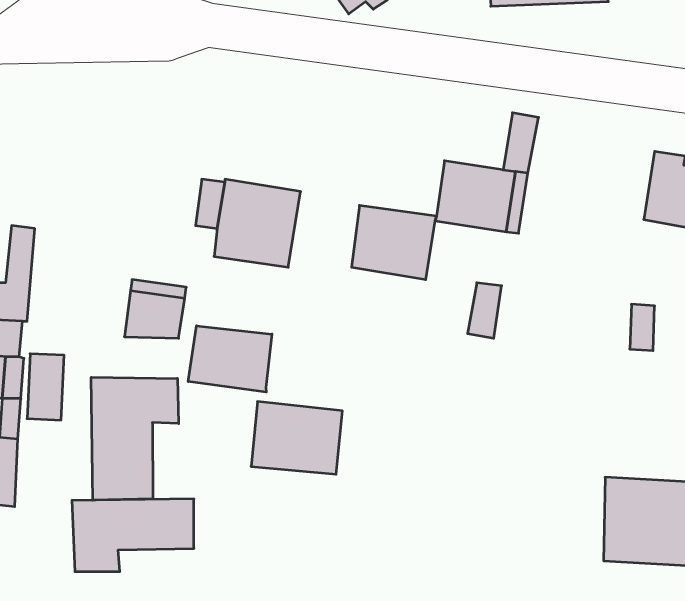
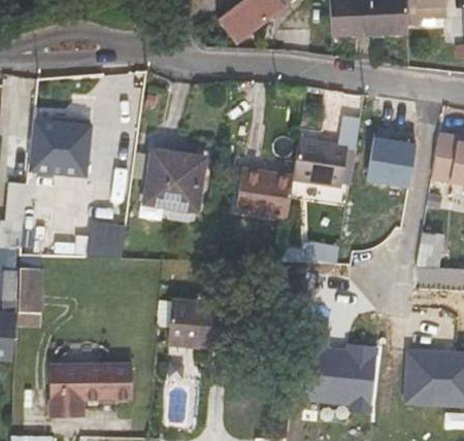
building: none -> [29,117,92,175]
building: none -> [367,138,416,189]
building: [188,326,272,392] -> none
building: [91,377,179,500] -> none
building: none -> [308,344,378,407]

